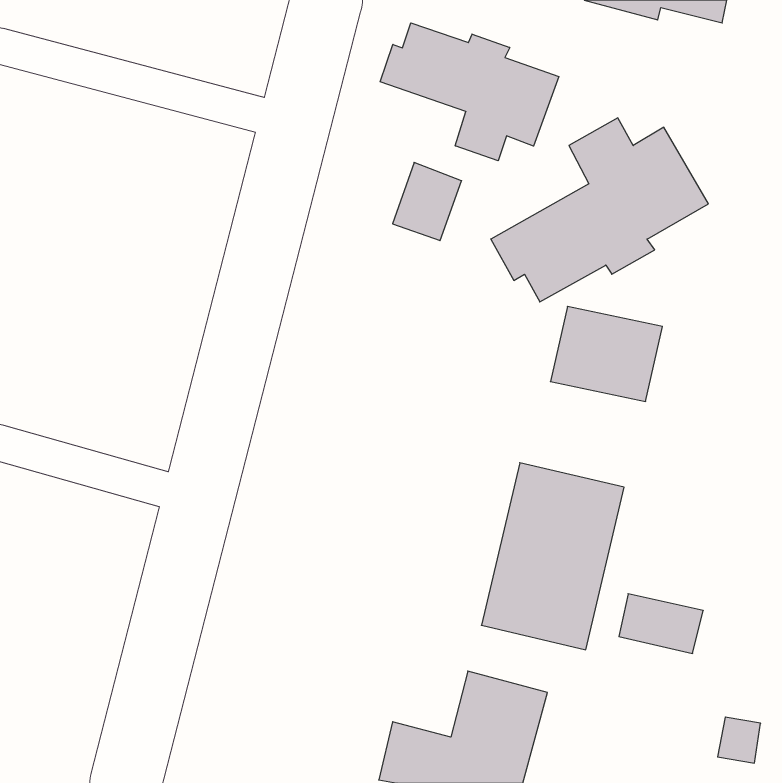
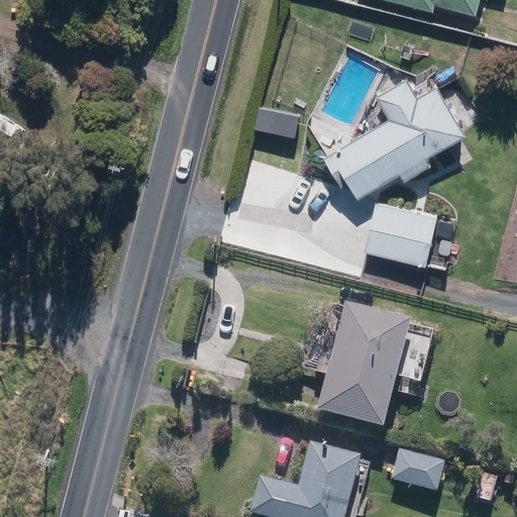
building: [380,23,559,161] -> none
building: [619,594,703,653] -> [390,452,445,492]

